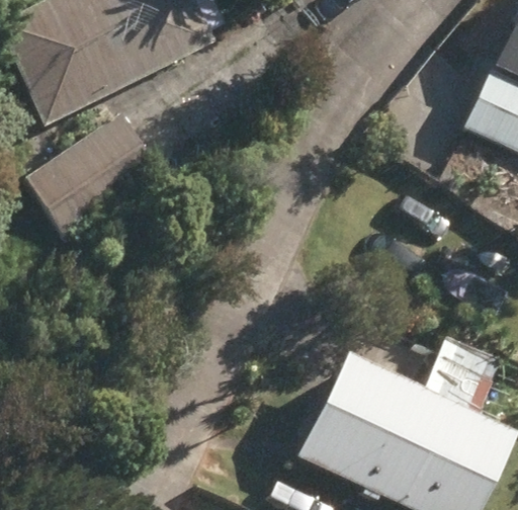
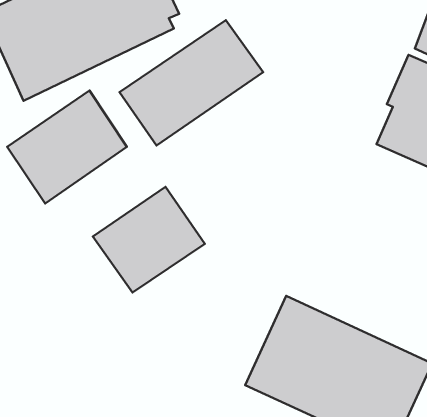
building: none -> [120,20,263,145]
building: none -> [93,187,205,293]

